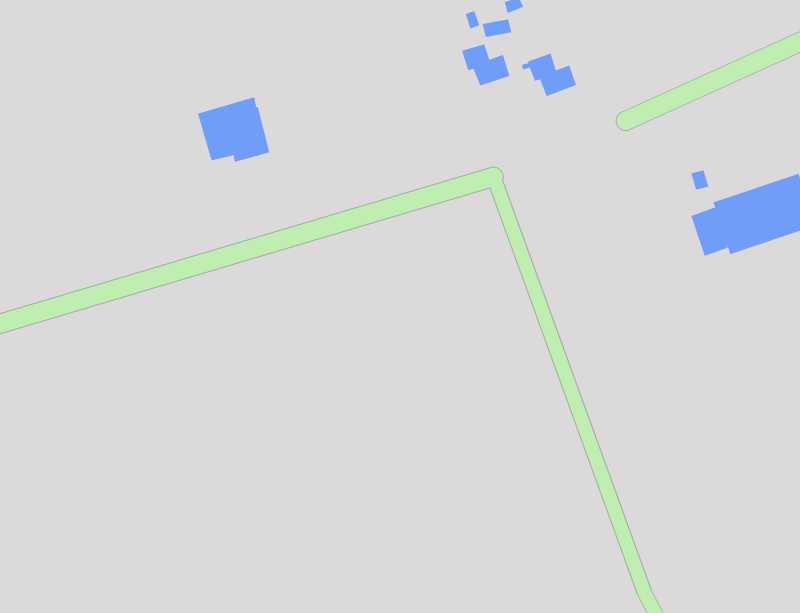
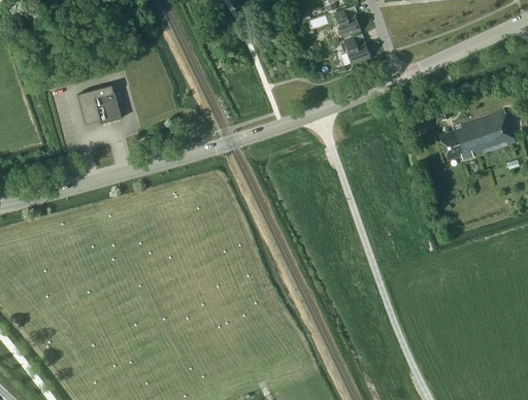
building: [461,44,510,86] -> [330,8,360,34]
building: [197,96,270,163] -> [77,82,122,123]

